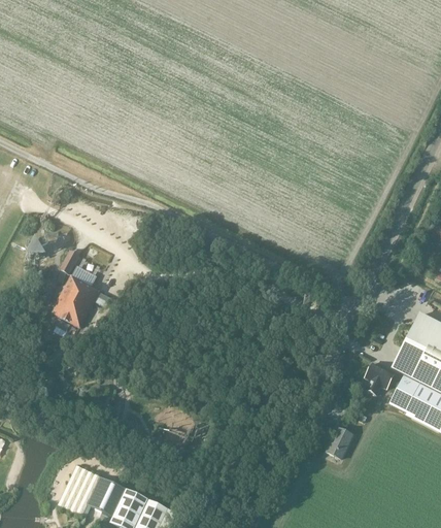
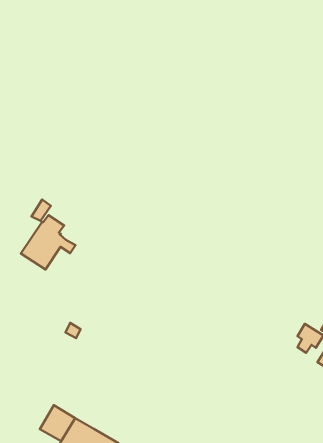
building: [327,427,353,459] -> none
building: [58,464,101,516] -> none

